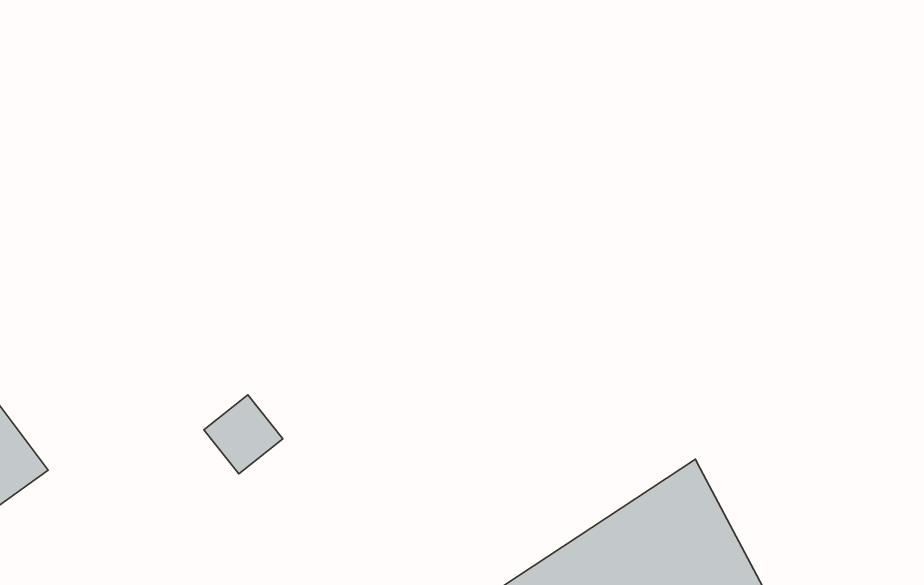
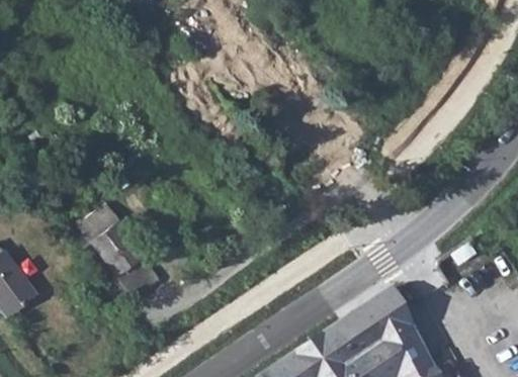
building: none -> [79,202,141,274]

